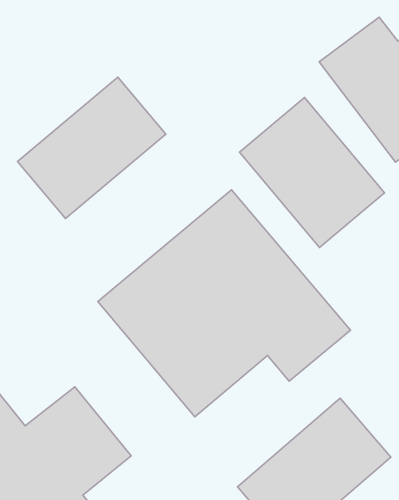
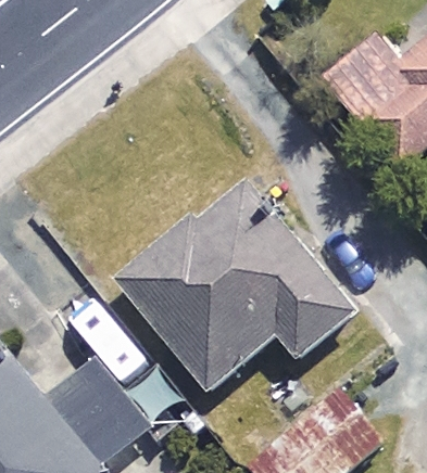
building: [17,77,166,218] -> none
building: [239,97,385,247] -> none

